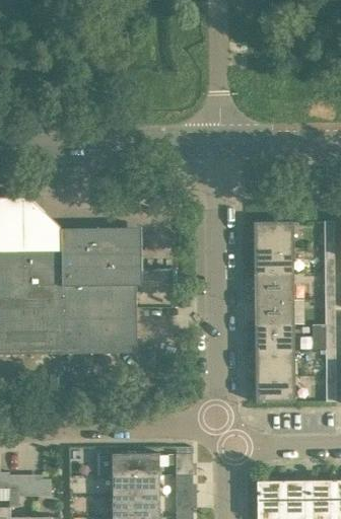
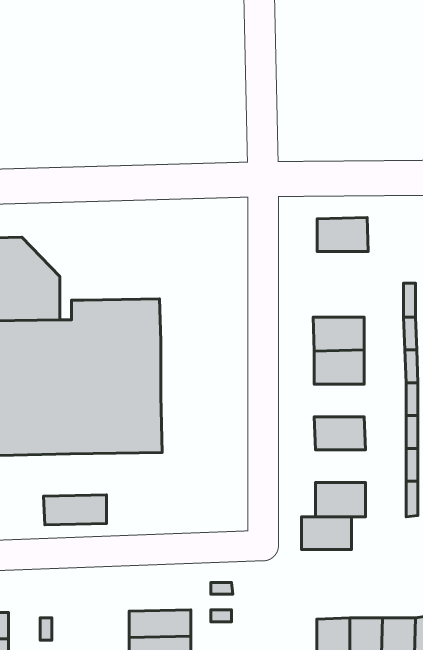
building: [254,222,293,248] -> [317,217,368,252]
building: [255,300,293,325] -> none
building: [256,351,294,376] -> [302,517,352,550]
building: [111,452,159,475] -> [43,495,106,525]

